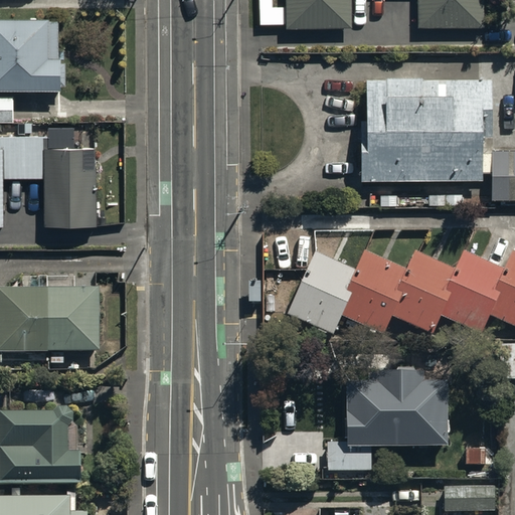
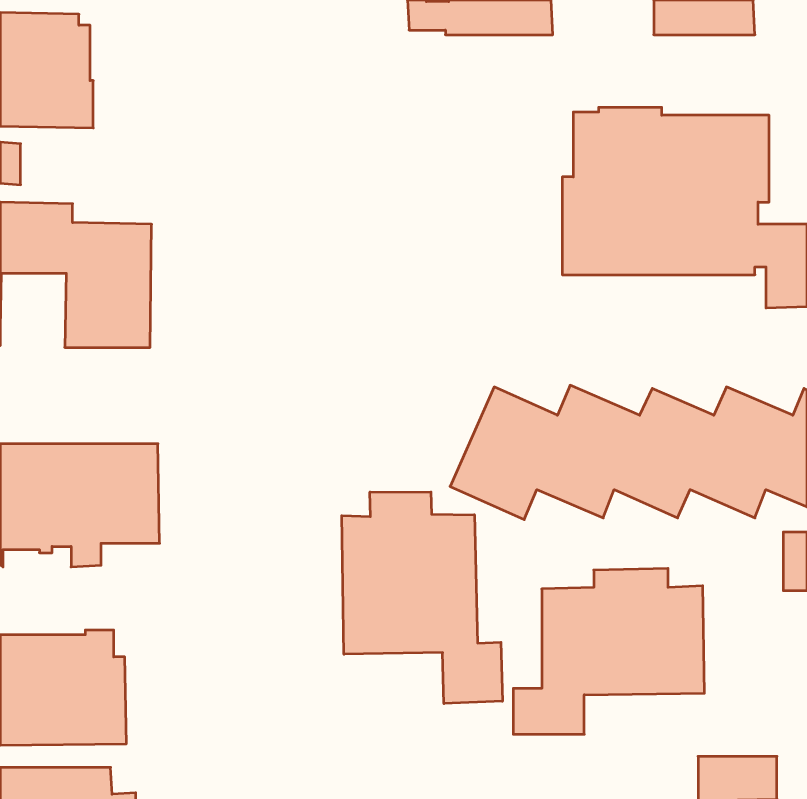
building: none -> [342,492,502,704]

